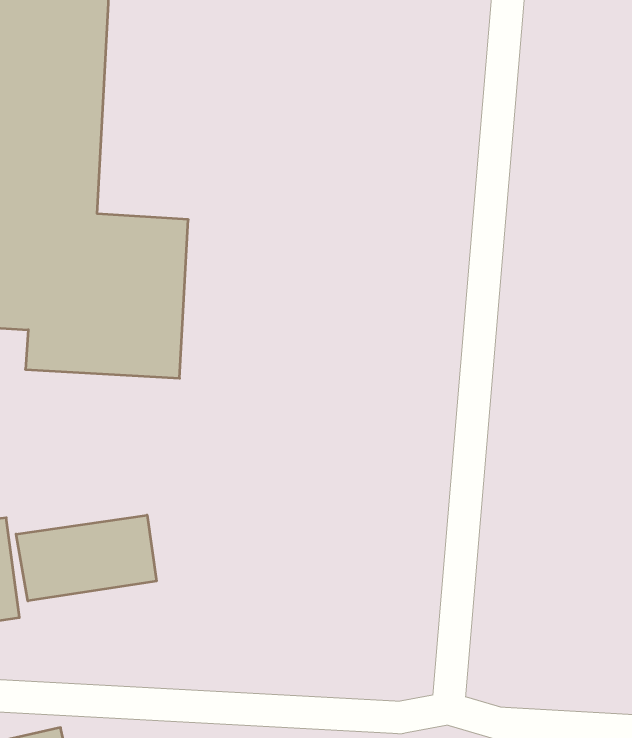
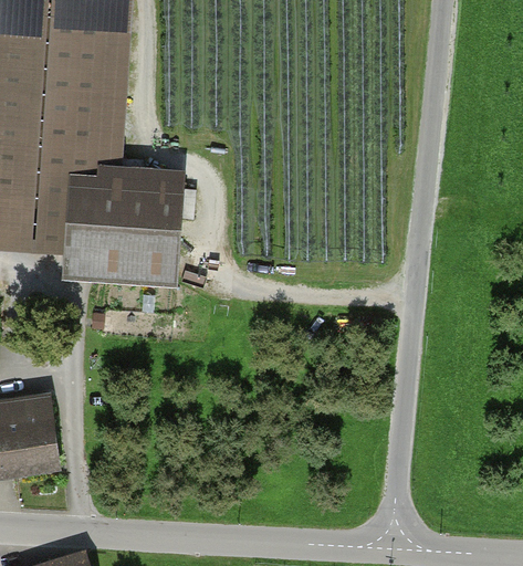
building: [16,515,156,601] -> none

